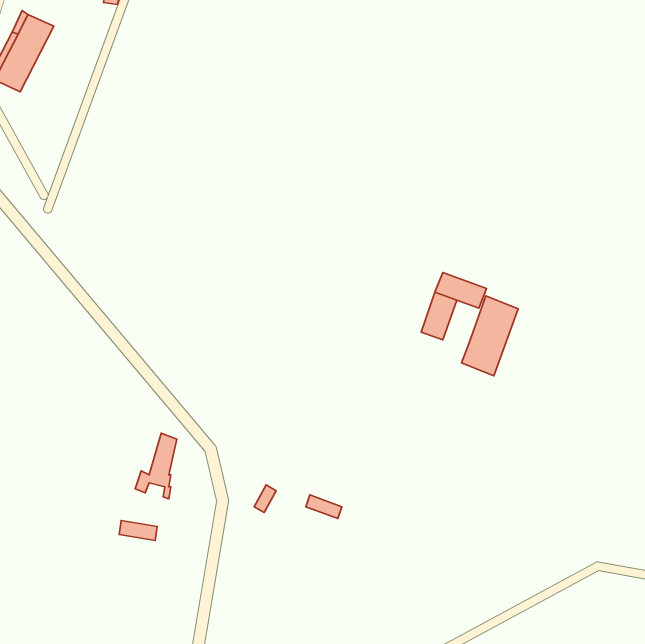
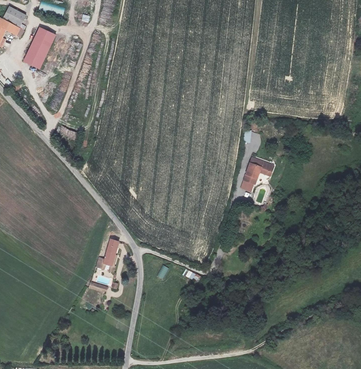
building: [461,296,518,376] -> none

